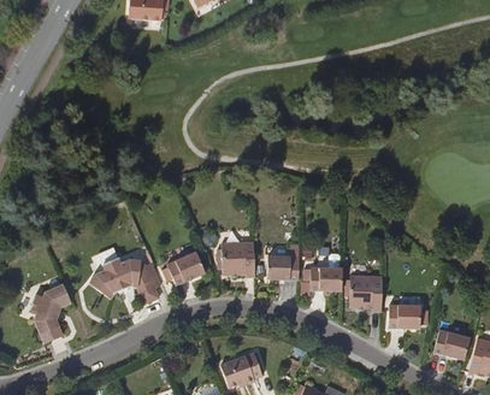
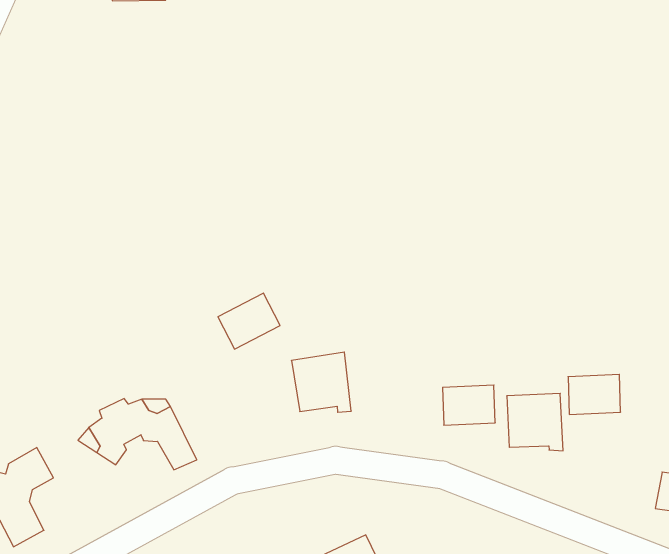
building: [165,252,202,284] -> [218,293,280,349]
building: [265,257,297,281] -> none
building: [386,305,419,329] -> [568,374,621,414]

